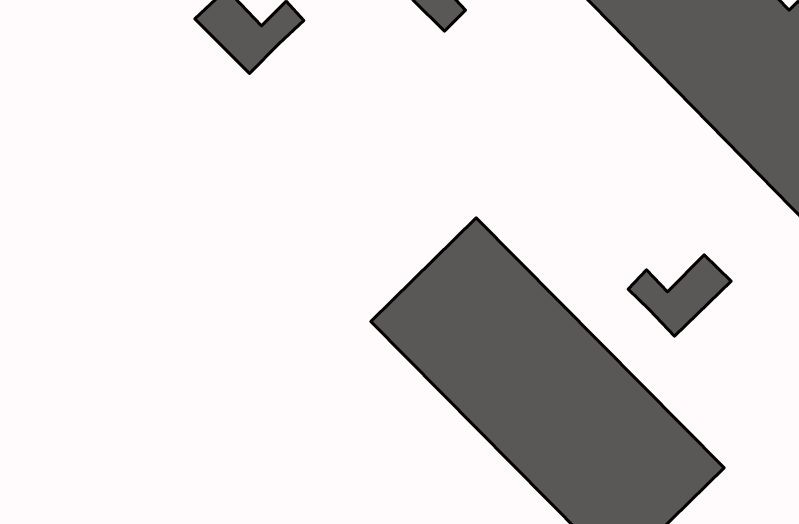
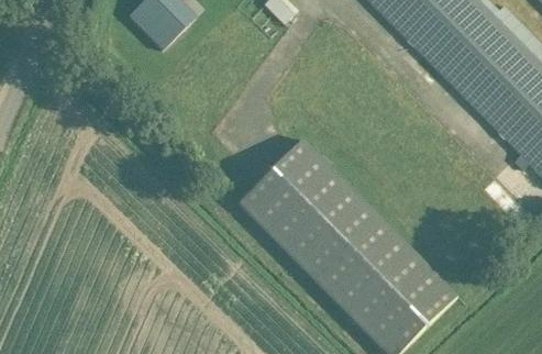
building: [628,255,731,336] -> none

